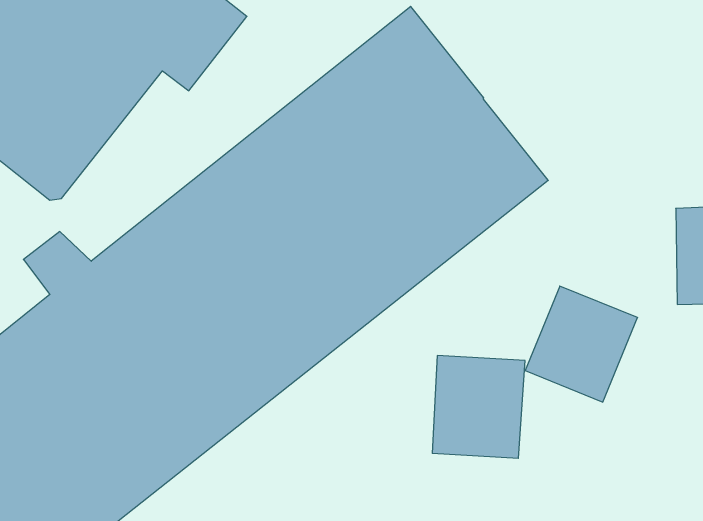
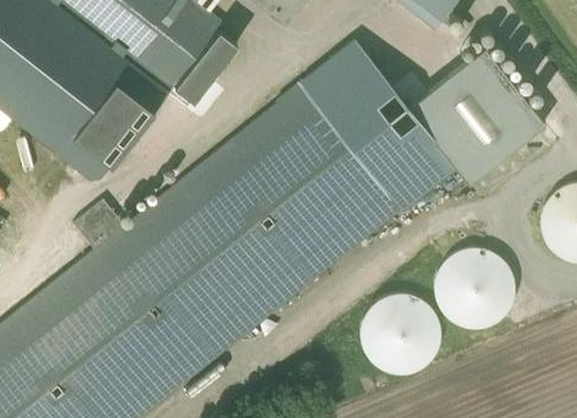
building: none -> [406,46,543,183]

